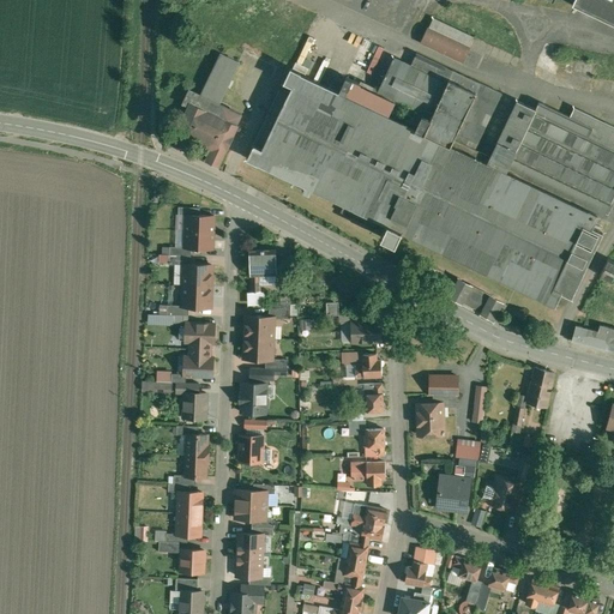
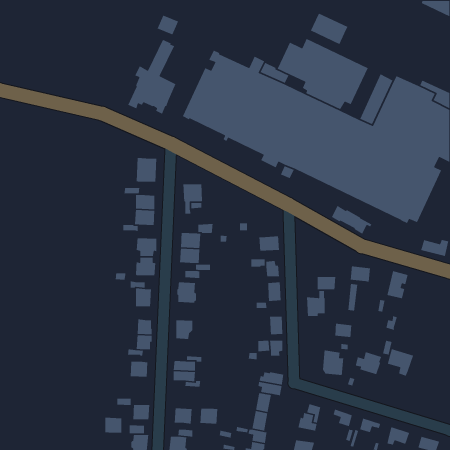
building: none -> [156,15,179,36]
building: none -> [350,266,371,283]
building: none -> [387,348,414,377]
building: [176,513,200,536] -> [105,417,122,434]
building: [237,534,263,556] -> [200,408,218,425]

